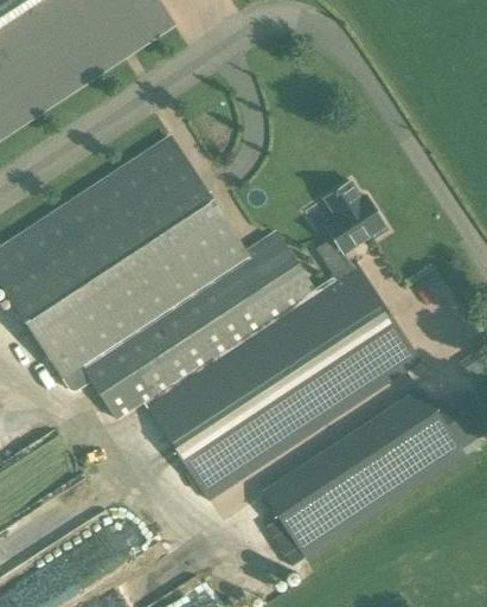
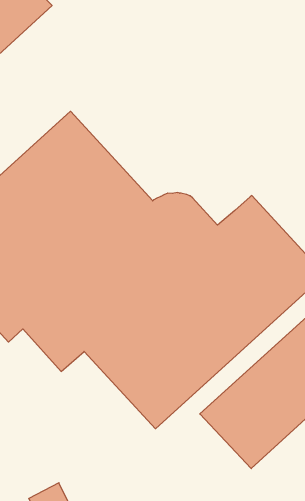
building: [313,175,384,271] -> none

